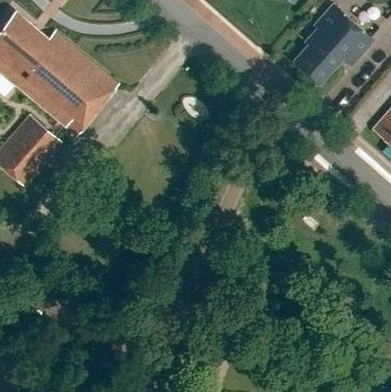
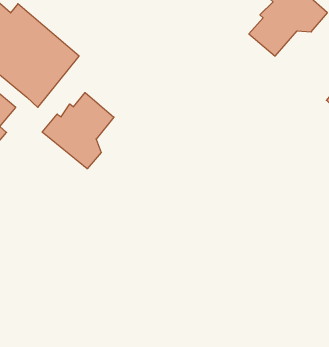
building: none -> [42,93,114,169]

